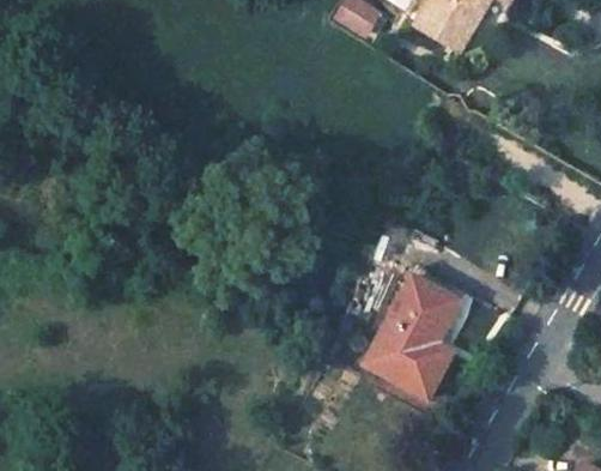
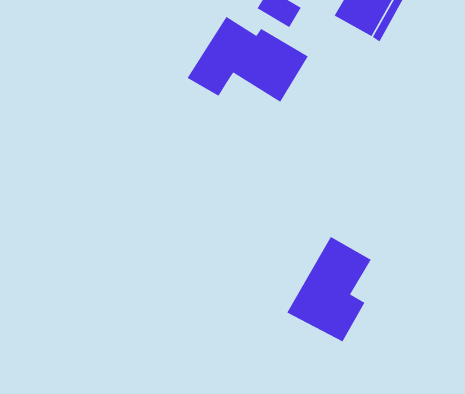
building: none -> [186,16,309,103]

